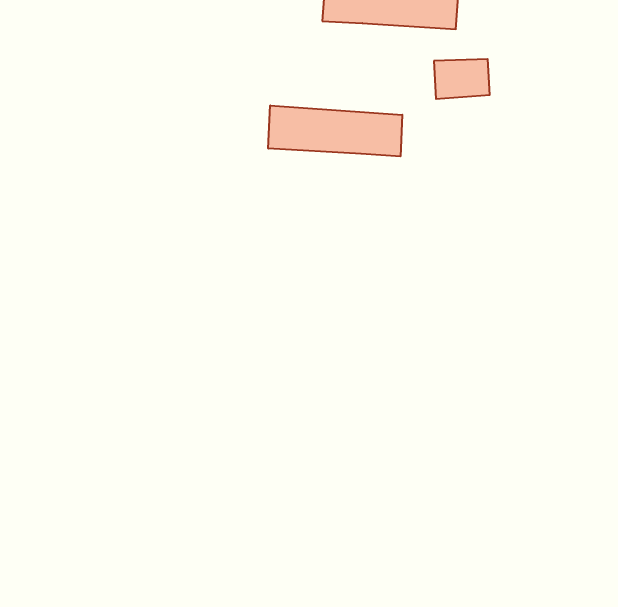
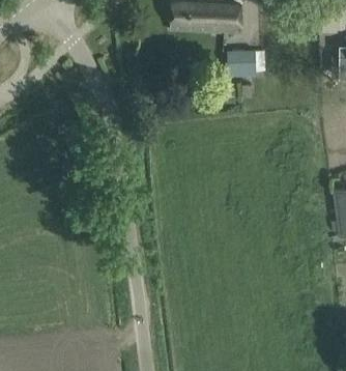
building: [268,105,402,156] -> none

